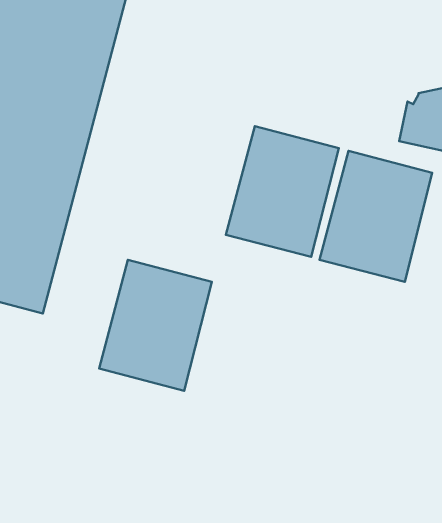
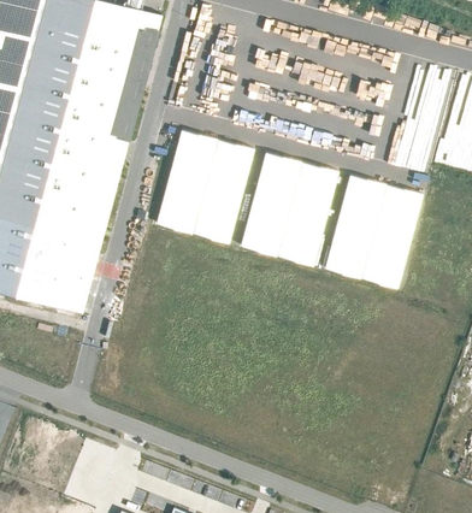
building: [99,260,212,391] -> [157,131,255,246]

